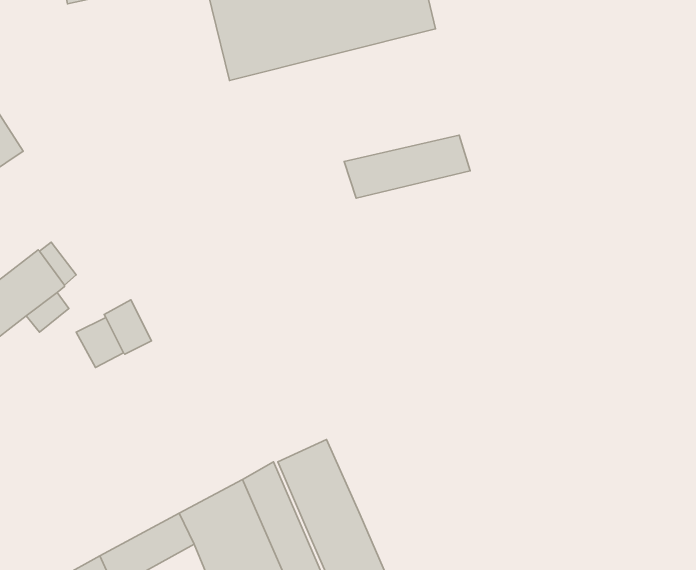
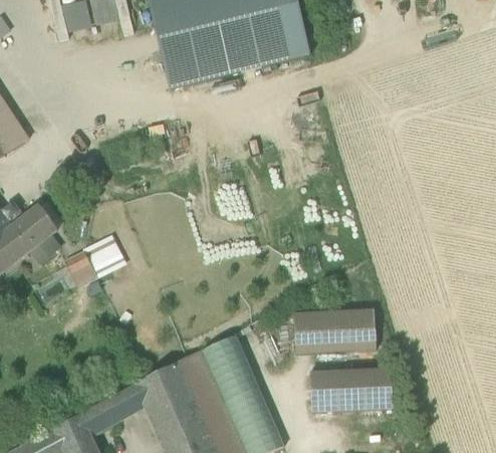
building: [344,135,470,198] -> none
building: none -> [293,308,376,353]
building: none -> [310,367,392,411]

